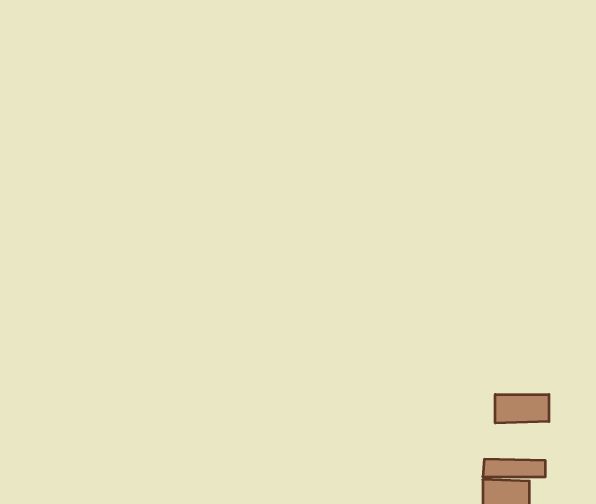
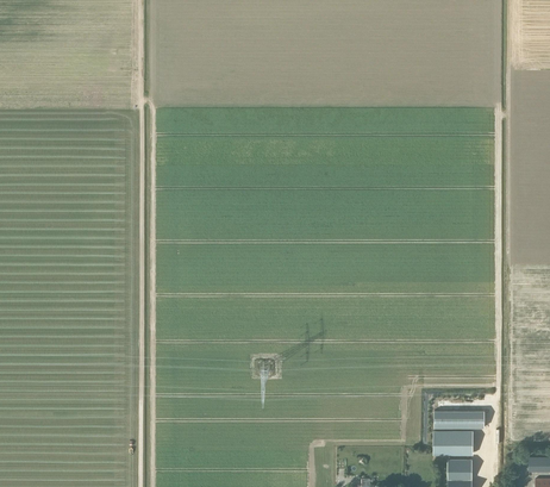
building: [495,394,549,423] -> none

